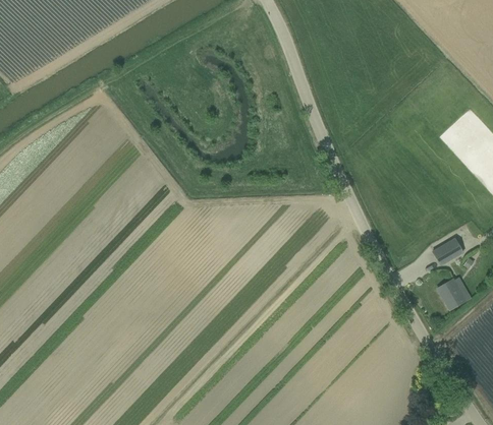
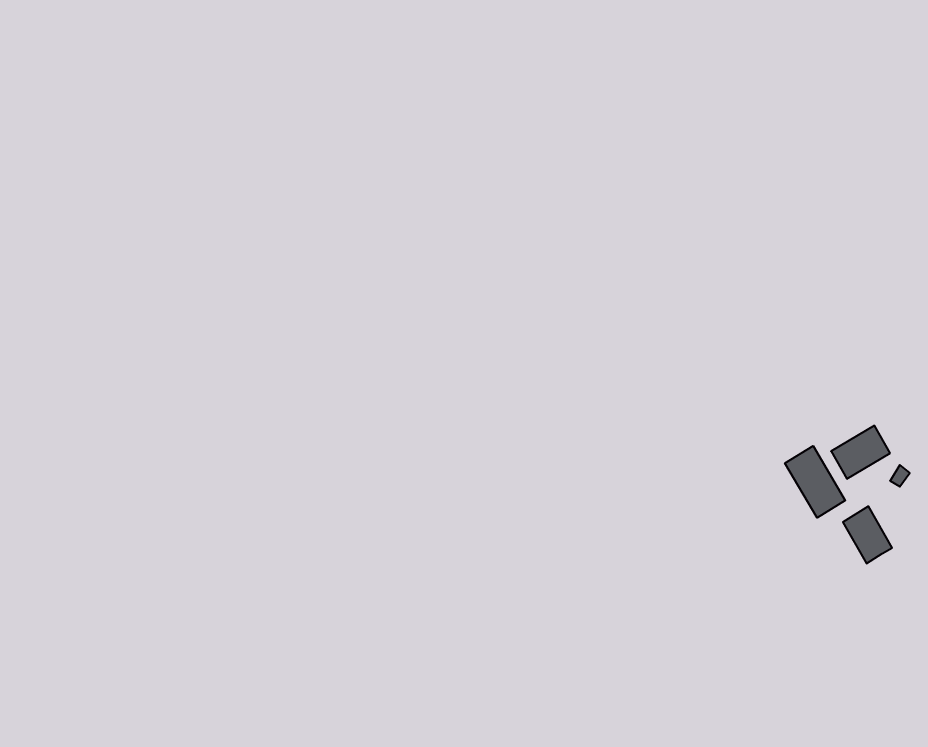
building: none -> [785,446,845,518]

